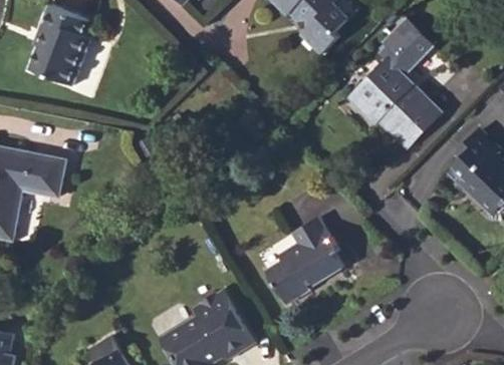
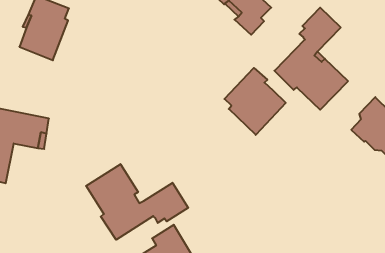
building: none -> [224,68,286,135]
building: none -> [86,164,188,240]
building: [266,217,343,305] -> none

